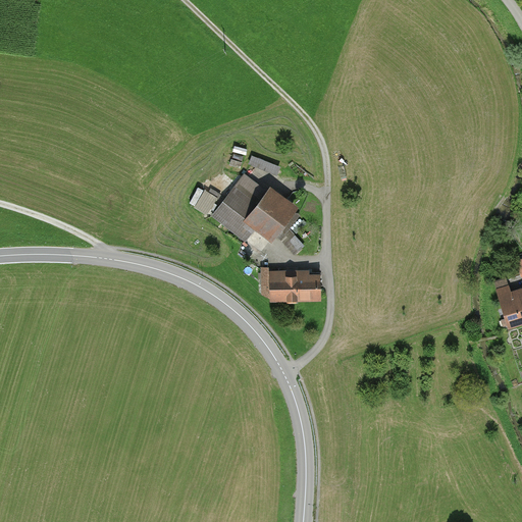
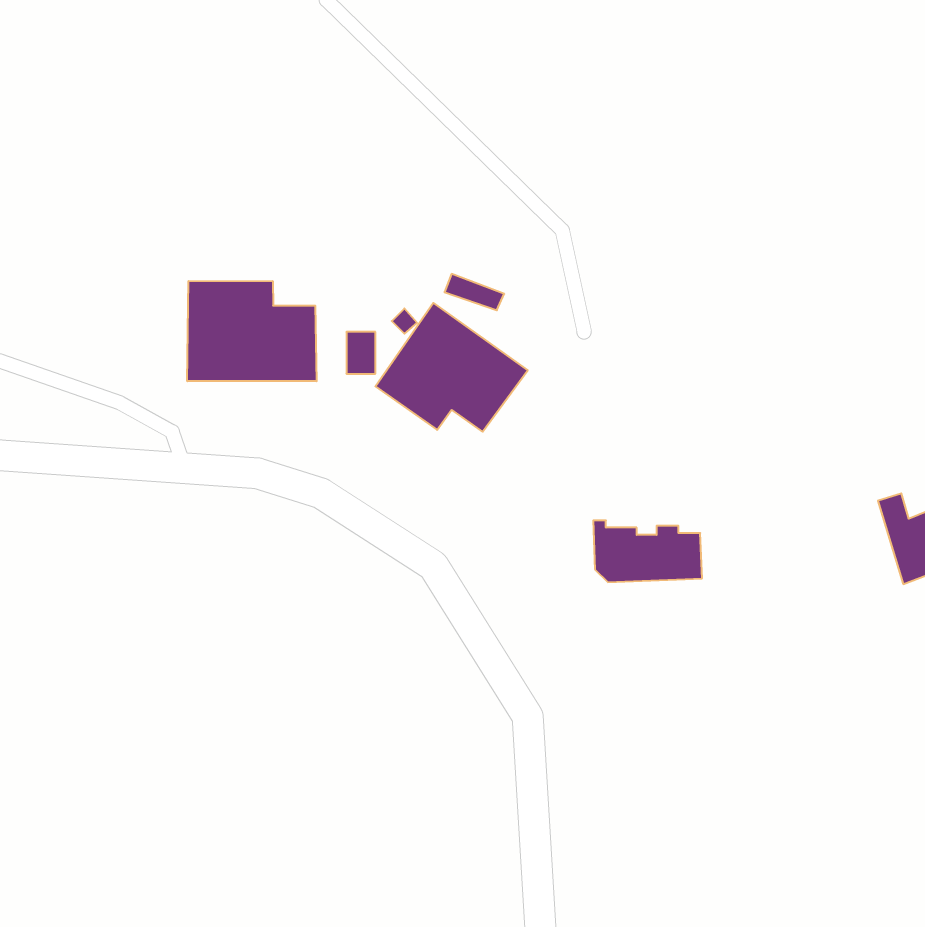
building: none -> [187,281,317,381]
building: [261,267,322,302] -> [593,520,702,582]

